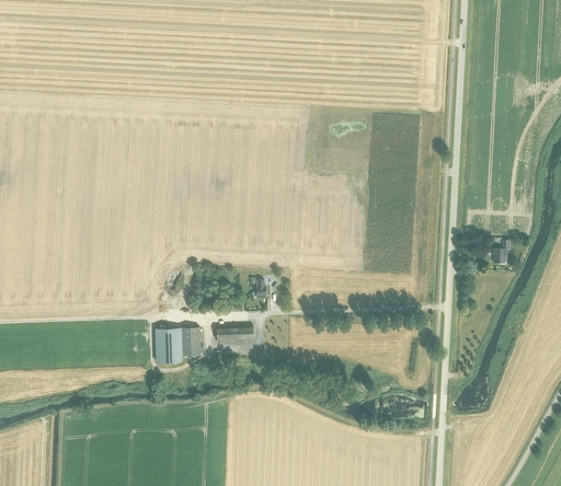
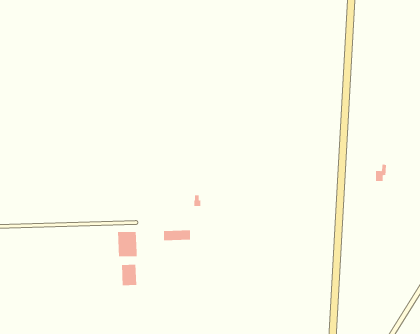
building: [181,328,202,357] -> [121,264,137,286]

